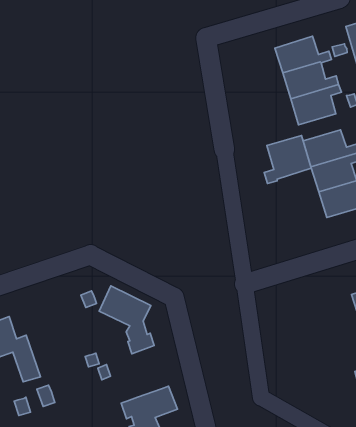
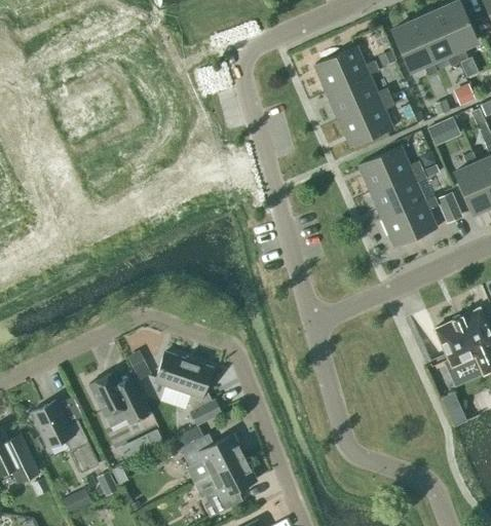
building: [264,136,311,184] -> none
building: none -> [89,373,148,427]
building: none -> [180,425,242,482]

